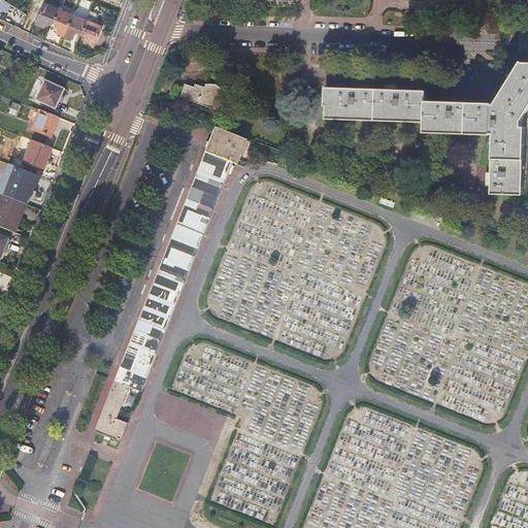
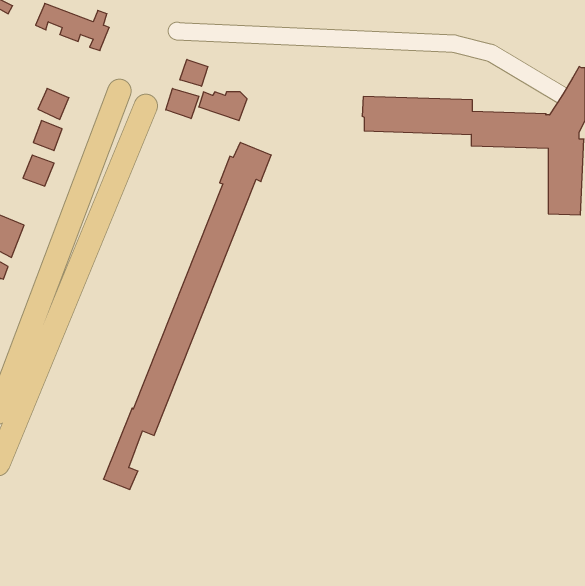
building: none -> [180,59,208,86]
building: none -> [166,88,199,119]
building: [8,166,35,193] -> none

